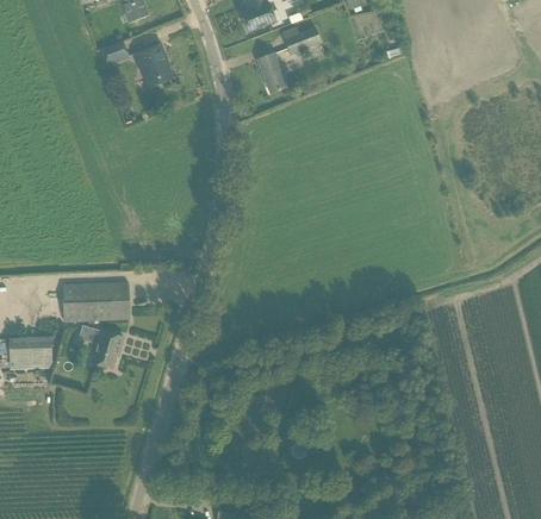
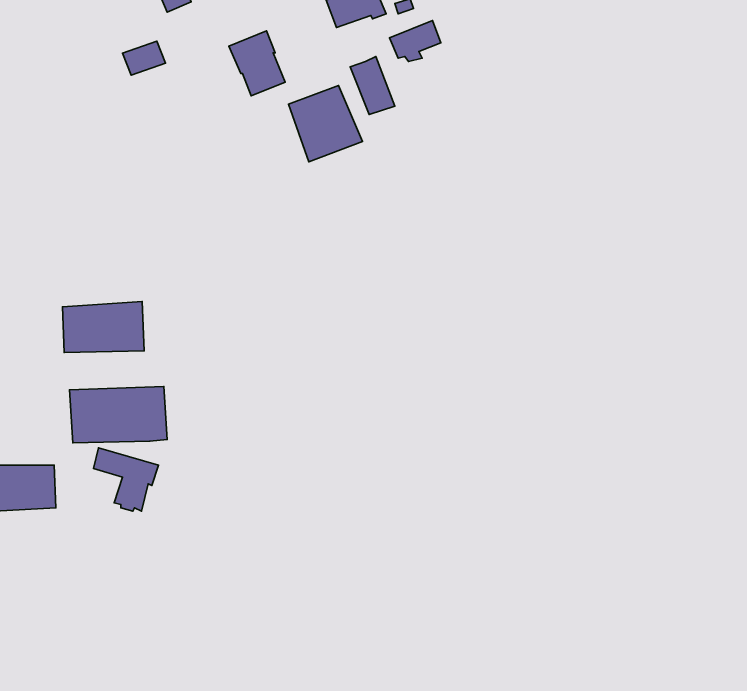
building: [133,43,173,88] -> [229,31,285,96]
building: none -> [289,86,363,162]
building: none -> [63,301,144,353]

